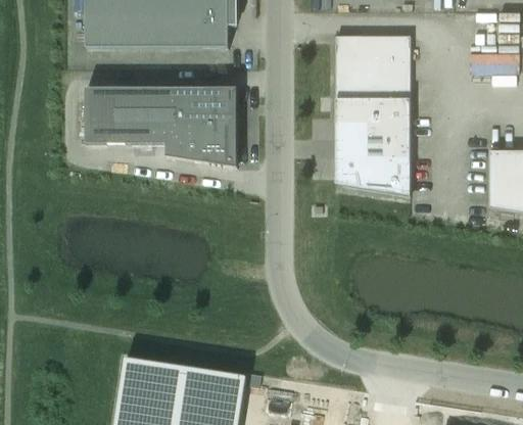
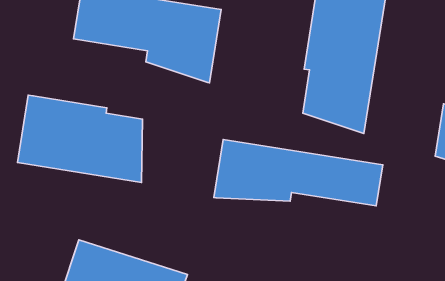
building: none -> [17,95,143,182]
building: none -> [214,139,383,206]

